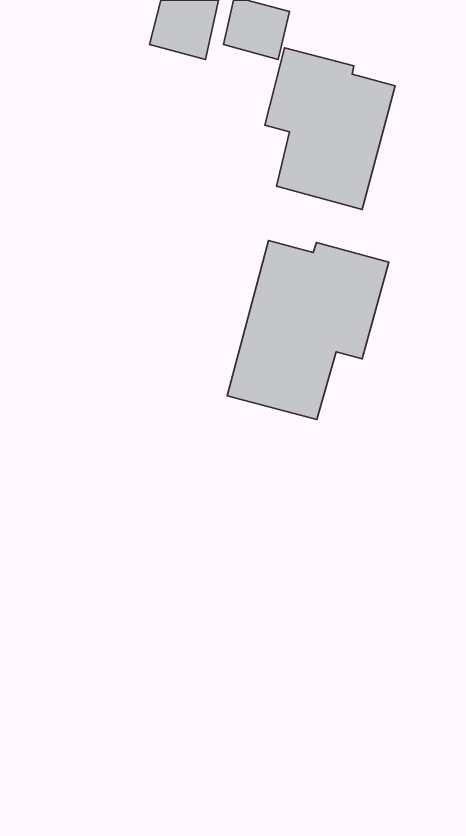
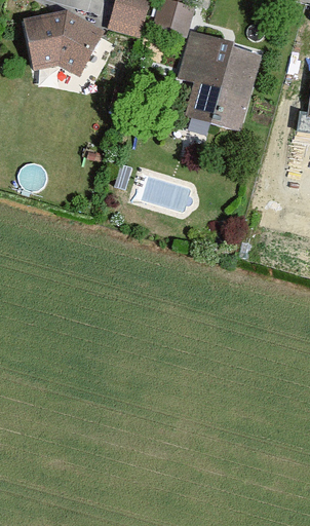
building: none -> [24,9,104,76]
building: [227,241,389,419] -> none

